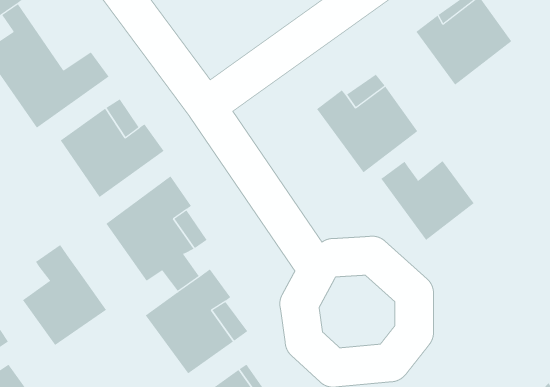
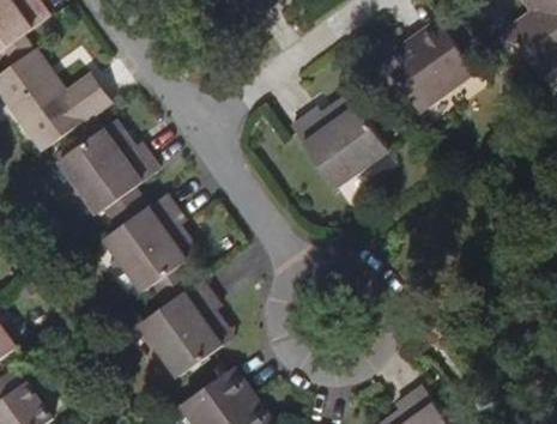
building: [381,160,475,241] -> none
building: [22,244,107,346] -> none

